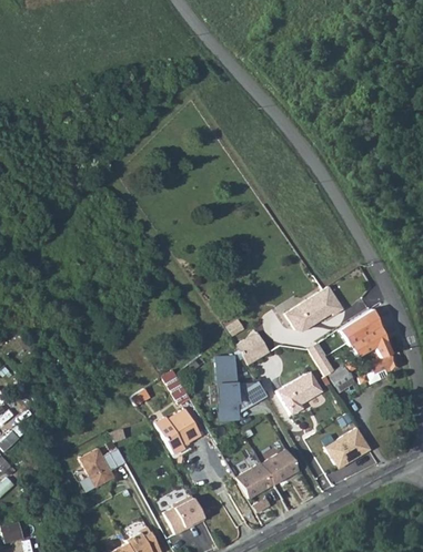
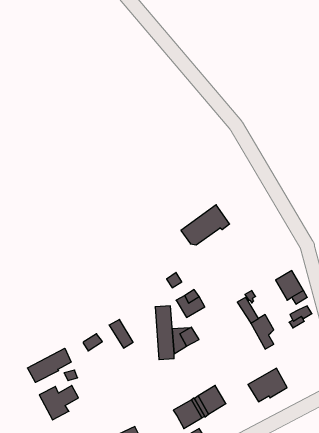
building: [290,285,346,331] -> [181,205,230,245]
building: [275,372,320,415] -> none
building: none -> [27,348,71,382]
building: [155,408,201,453] -> none

